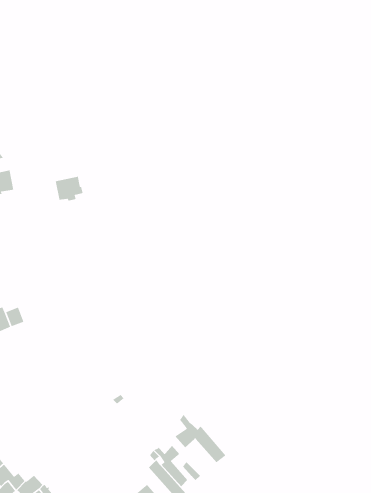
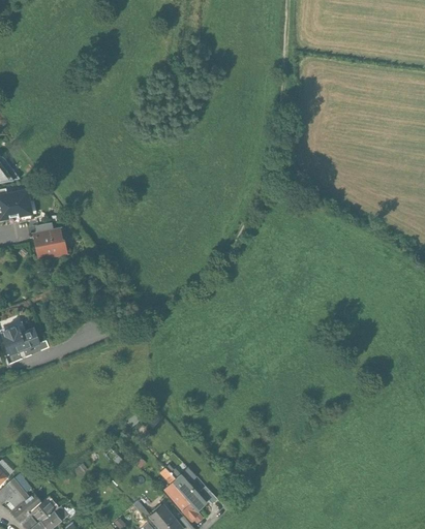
building: [55,176,84,202] -> [35,231,64,257]
building: [174,414,226,463] -> none

